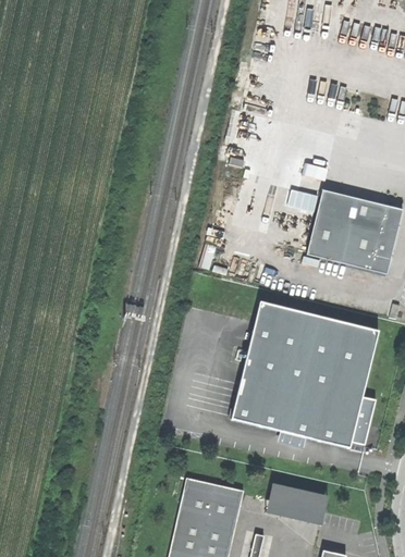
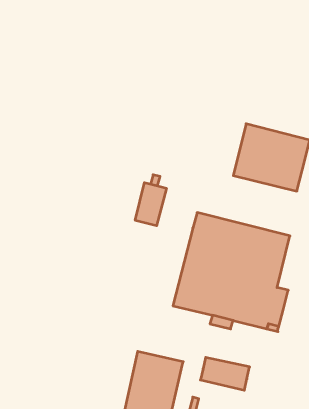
building: none -> [135,183,166,226]

